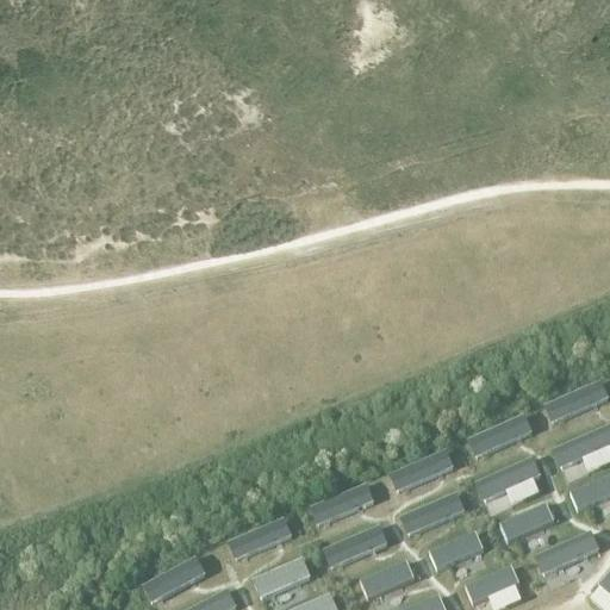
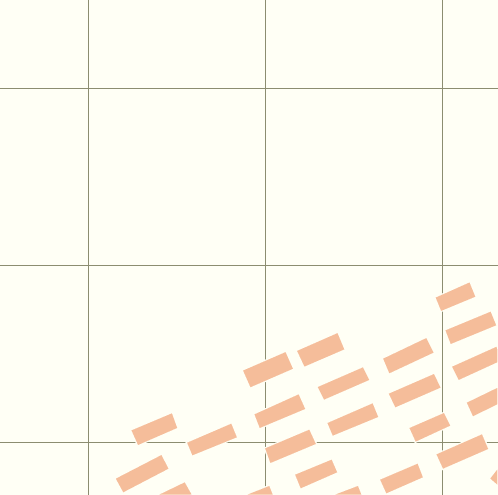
building: none -> [435,282,476,312]
building: none -> [296,332,345,367]
building: none -> [242,351,294,388]
building: [429,531,481,568] -> none
building: [253,558,311,598] -> [131,413,178,446]

